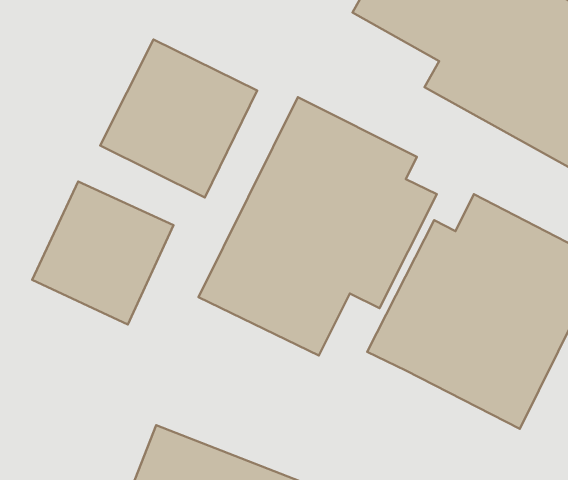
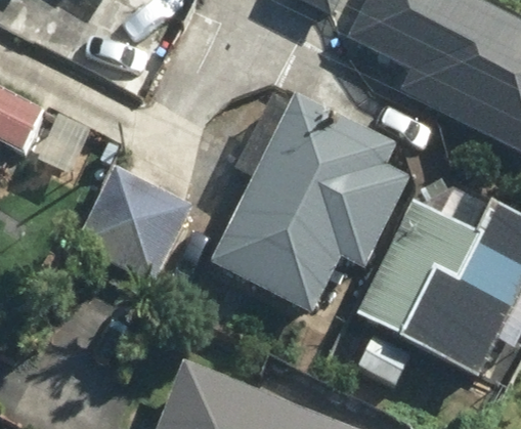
building: [100,40,257,197] -> none

